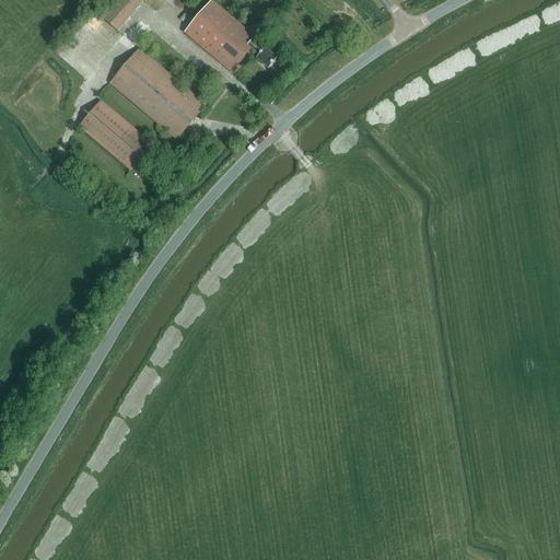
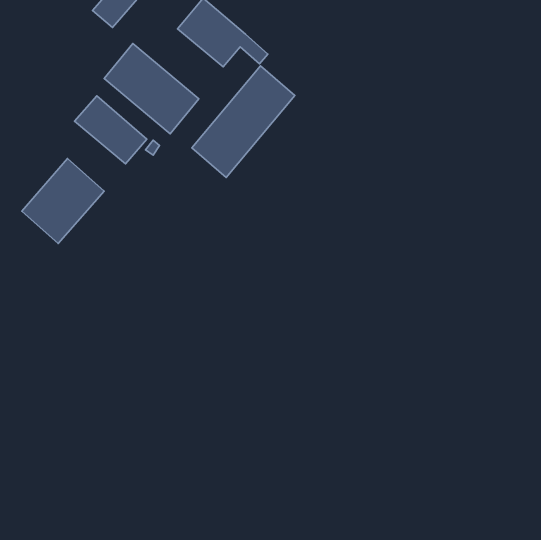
building: none -> [192,66,295,178]
building: none -> [22,158,104,244]

